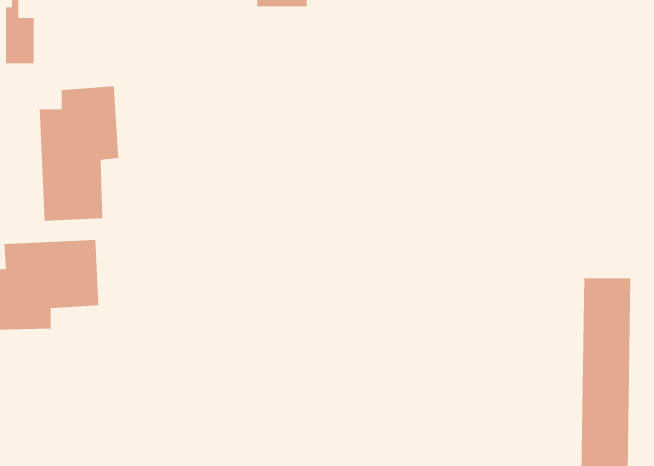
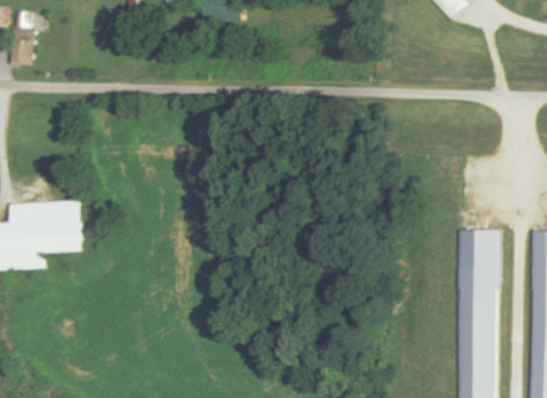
building: [39,85,119,222] -> none

